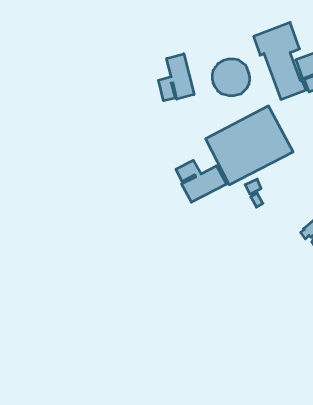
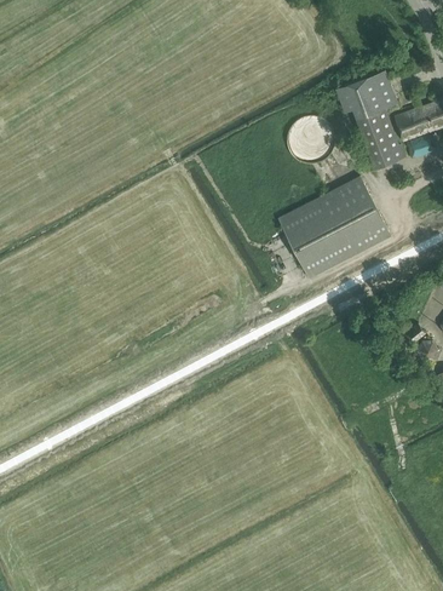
building: [158,54,194,101] -> none
building: [176,160,226,202] -> none

